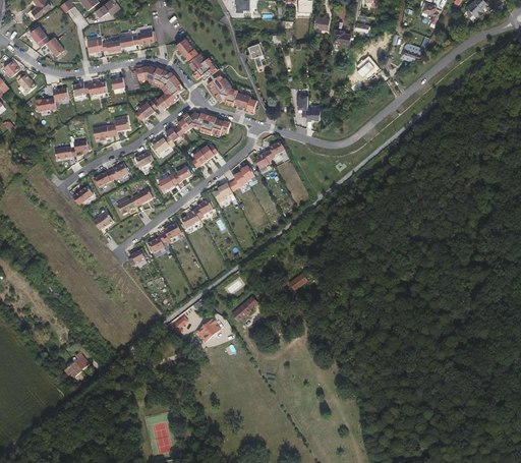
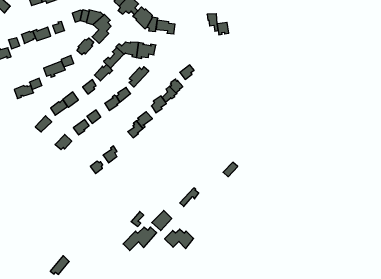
building: none -> [123,227,157,251]
building: none -> [165,229,194,249]

